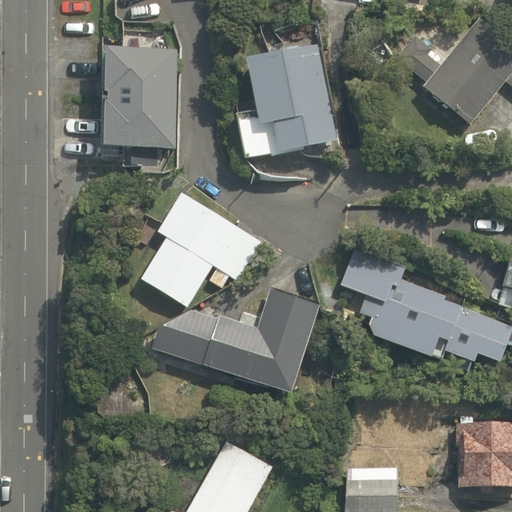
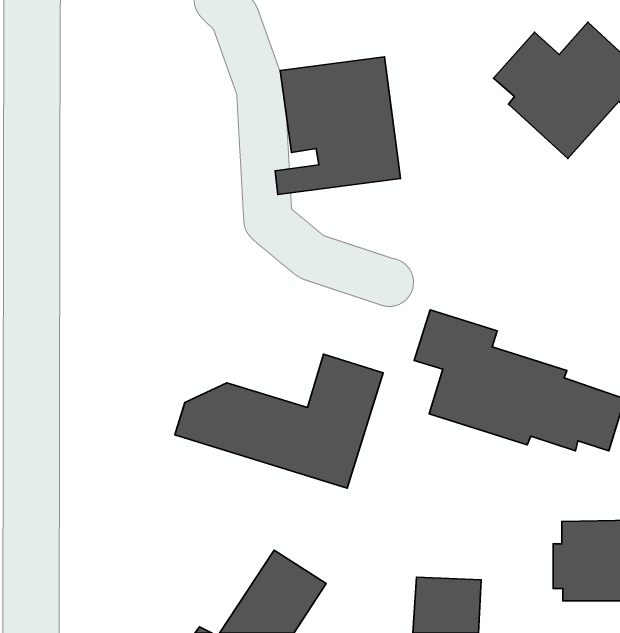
building: [97,45,179,150] -> none
building: [133,191,268,308] -> none

